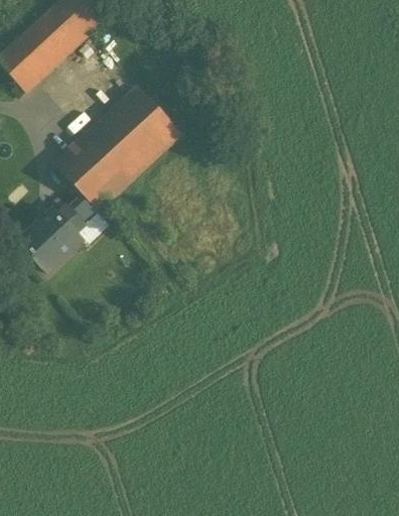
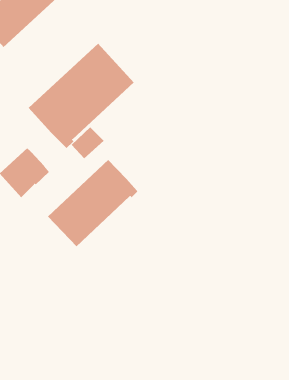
building: [60,192,101,232] -> [71,126,105,159]
building: none -> [47,159,139,247]

